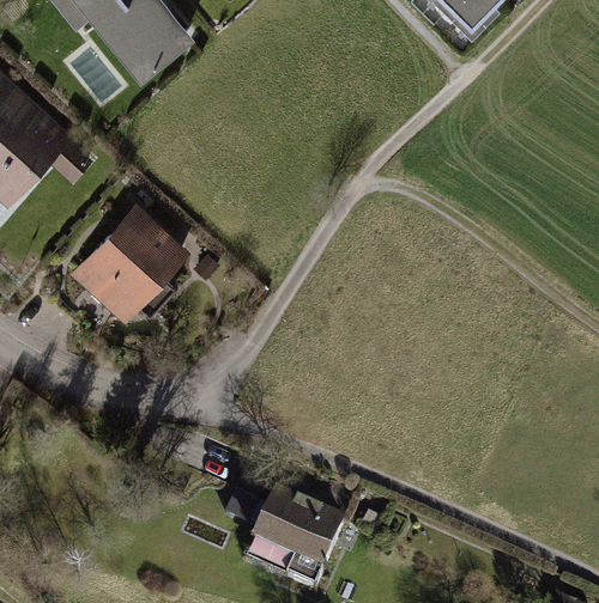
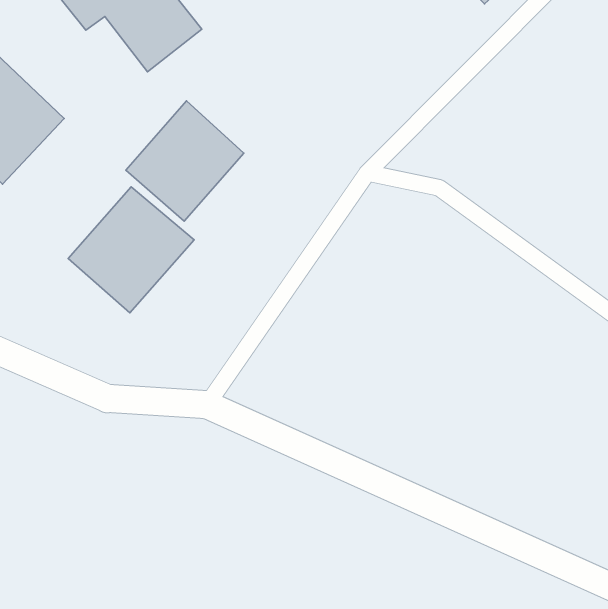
building: none -> [126,101,244,221]
building: [247,493,343,579] -> none

